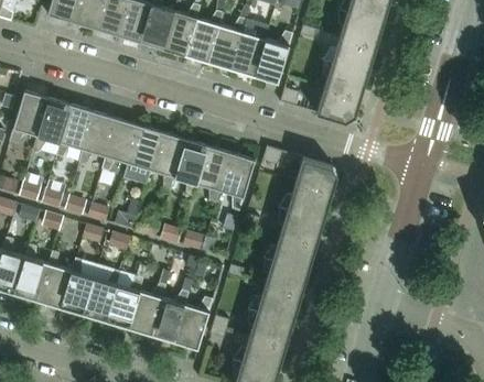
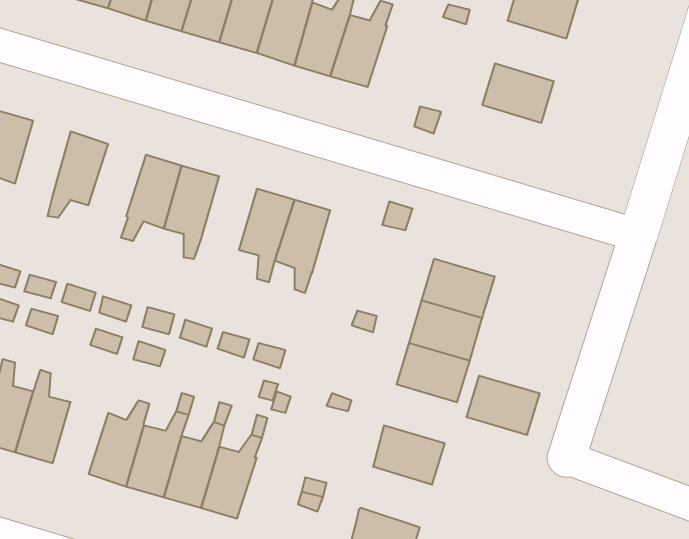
building: [254,31,293,85] -> none
building: [332,36,376,74] -> none
building: [316,88,361,124] -> none
building: [33,98,71,151] -> none
building: [78,112,117,165] -> none
building: [151,132,185,190] -> none
building: [219,153,255,211] -> none
building: [294,157,340,194] -> none
building: [60,259,94,315] -> none
building: [263,260,309,296] -> [466,376,540,435]
building: [173,297,213,350] -> none
building: [249,310,293,348] -> none

